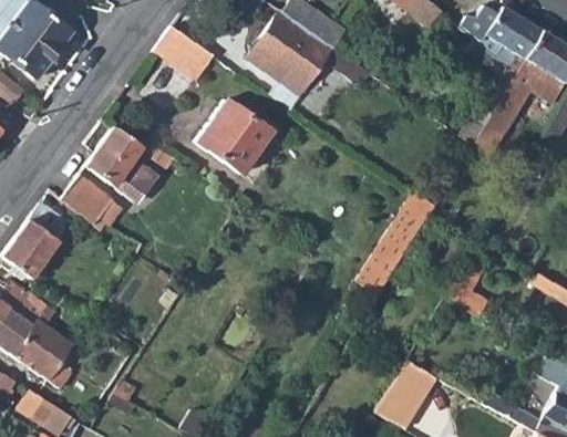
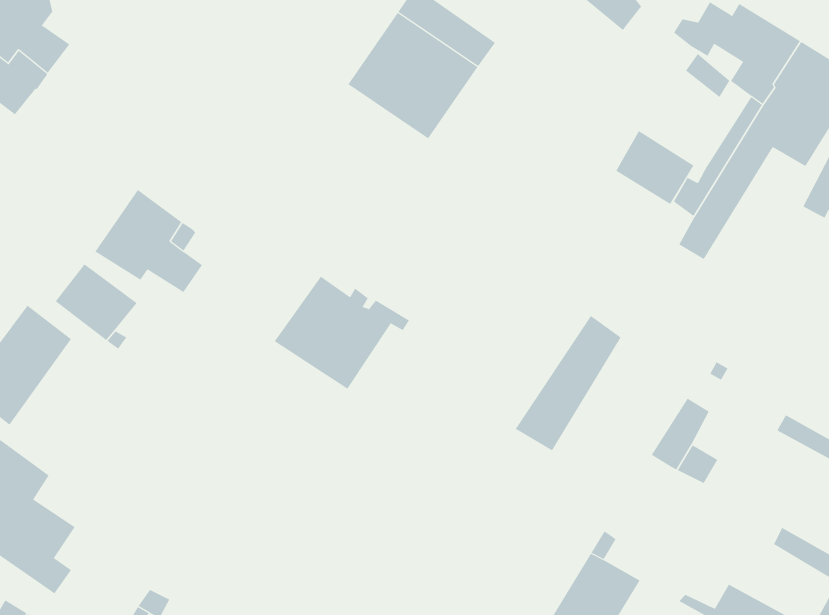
building: [155,29,216,82] -> none
building: none -> [615,130,694,205]
building: [197,102,285,175] -> [274,276,410,390]

